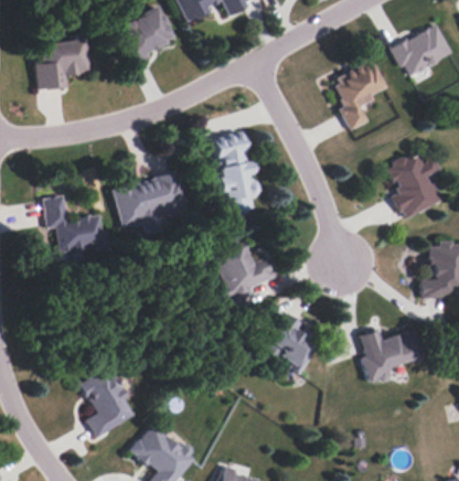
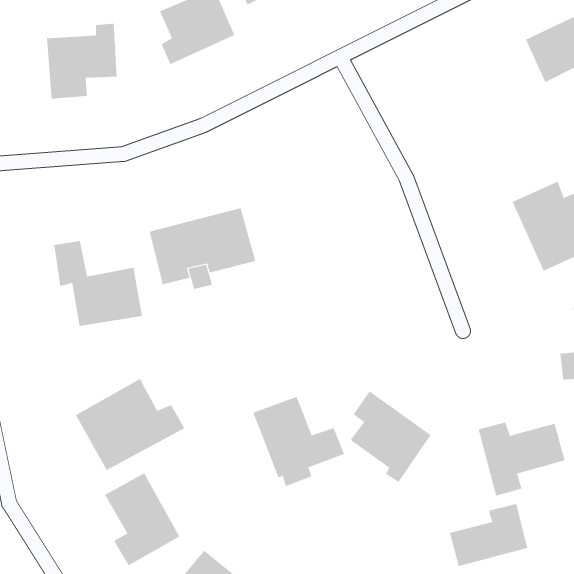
building: [330,60,387,129] -> none
building: [212,133,257,216] -> none
building: [207,235,276,302] -> [252,396,345,487]
building: none -> [75,378,185,471]
building: none -> [449,503,528,567]

